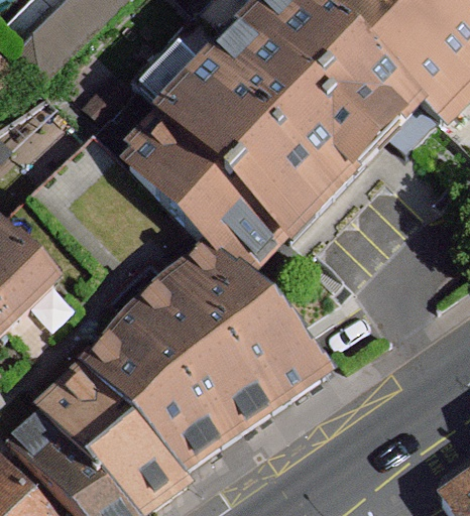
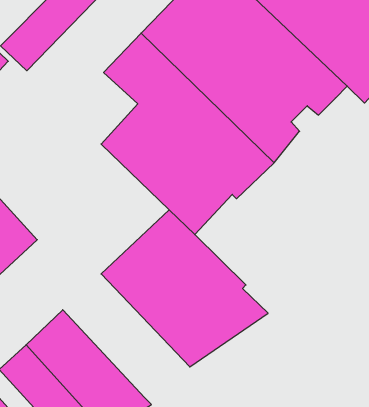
building: [86,324,236,470] -> none

